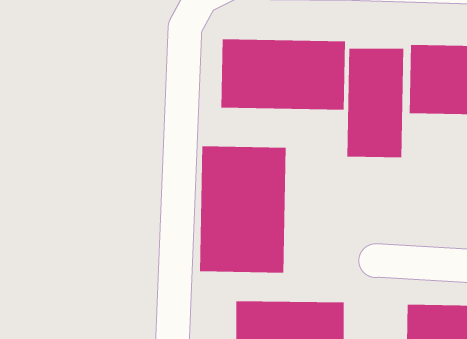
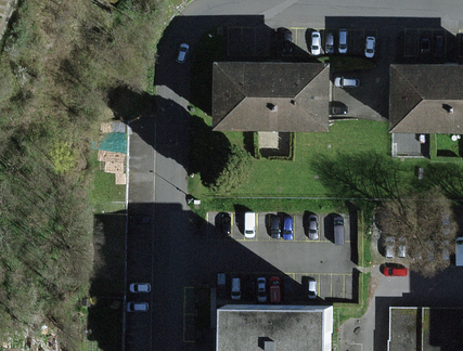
building: [347,48,404,158] -> none
building: [199,145,286,273] -> none

